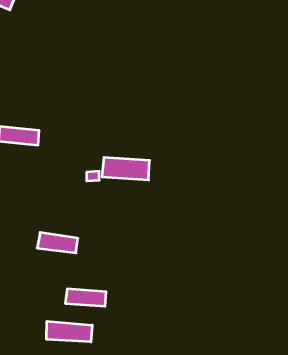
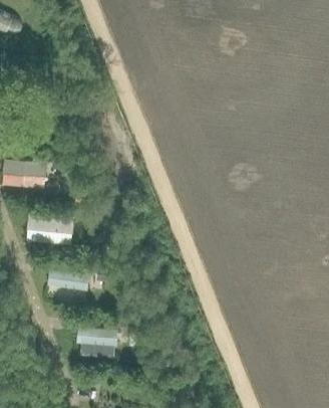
building: [102,157,150,180] -> [25,215,74,238]
building: [47,321,92,342] -> none

